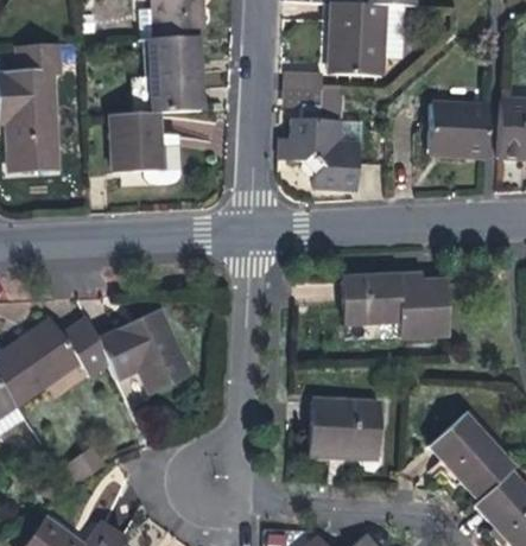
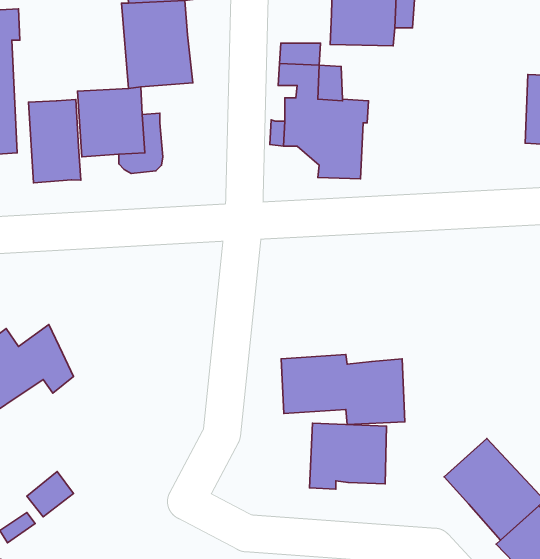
building: [429,101,487,157] -> none
building: none -> [28,99,81,183]
building: [343,274,450,335] -> [281,355,405,425]
building: [97,311,190,393] -> none

